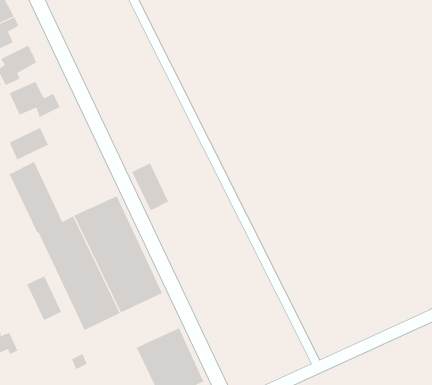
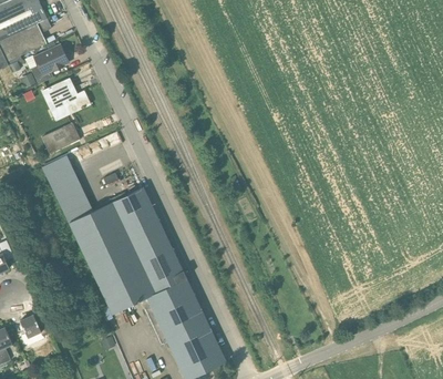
building: [131,163,169,211] -> none
building: [27,275,62,321] -> none
building: none -> [146,279,202,330]

